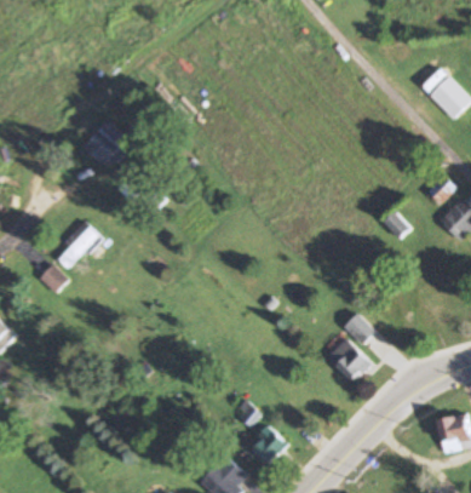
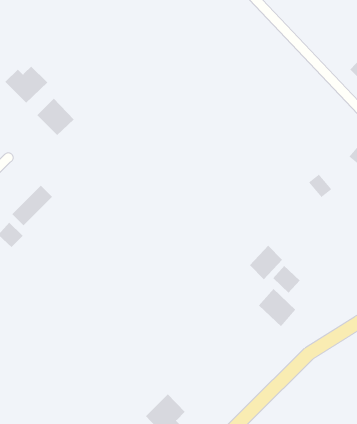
building: none -> [4,66,48,104]
building: none -> [249,245,283,280]
building: [249,426,288,464] -> none

